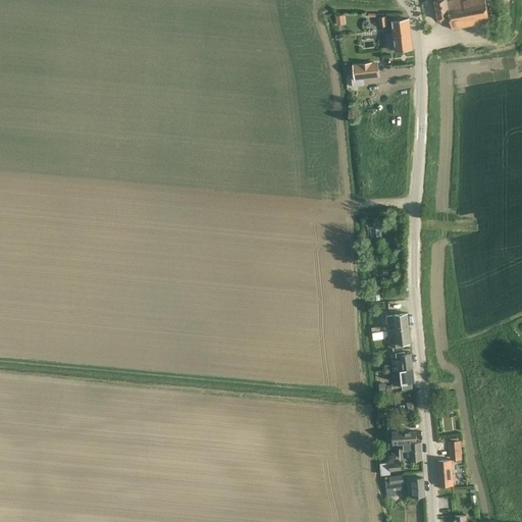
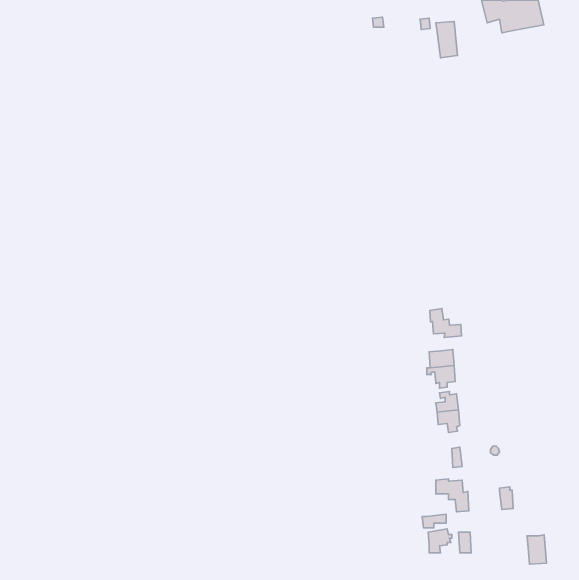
building: [352,61,379,81] -> none
building: none -> [430,309,462,337]
building: [435,460,453,486] -> [527,535,547,564]

